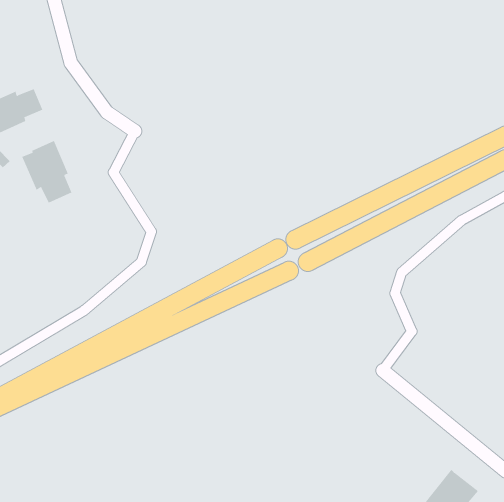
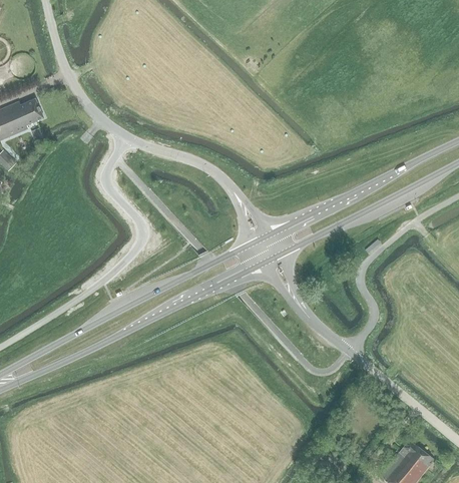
building: [22,140,72,204] -> none

